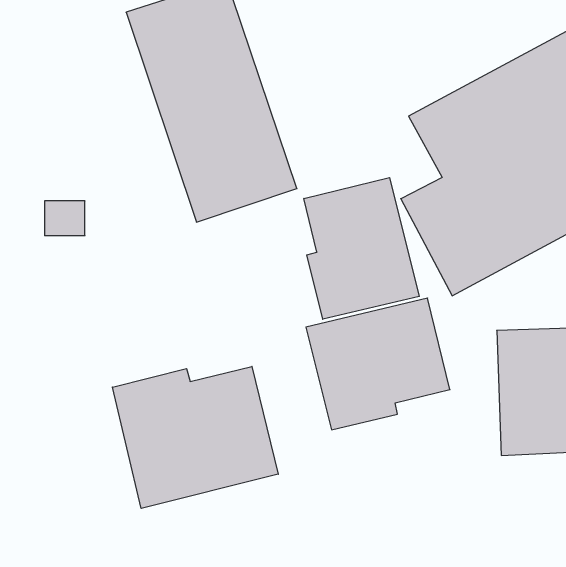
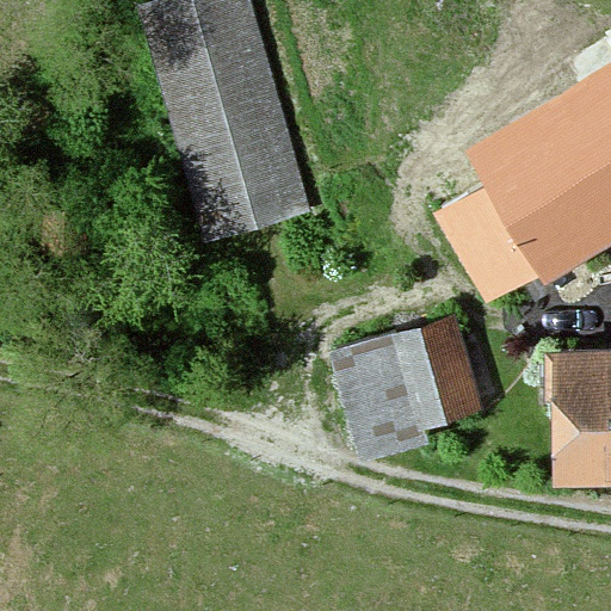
building: [304,178,419,319] -> none
building: [112,366,278,508] -> none

